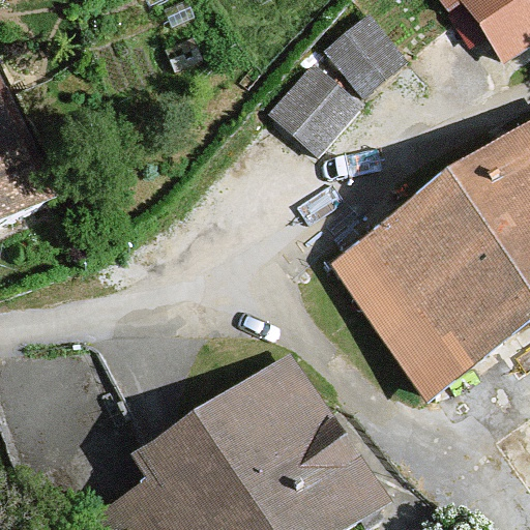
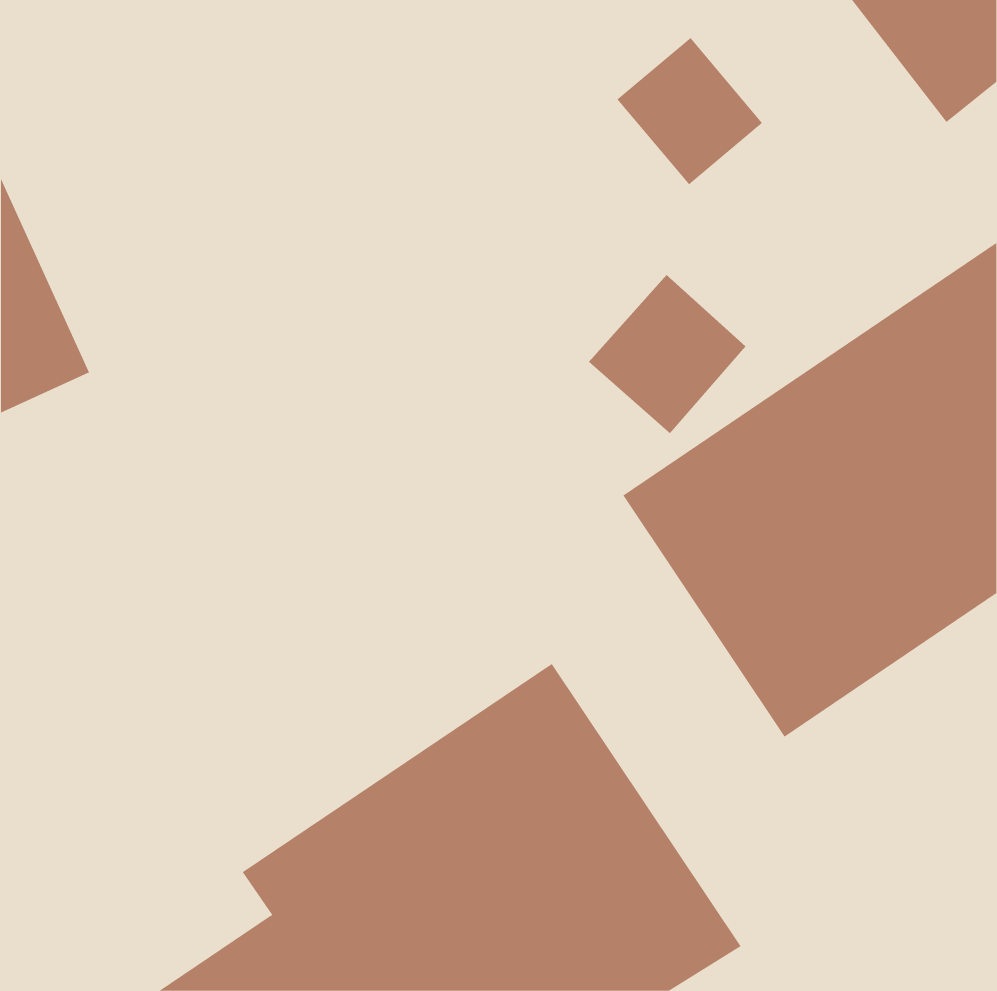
building: [273,69,357,154] -> [588,274,746,434]

